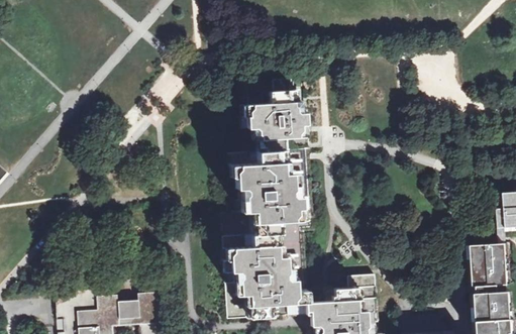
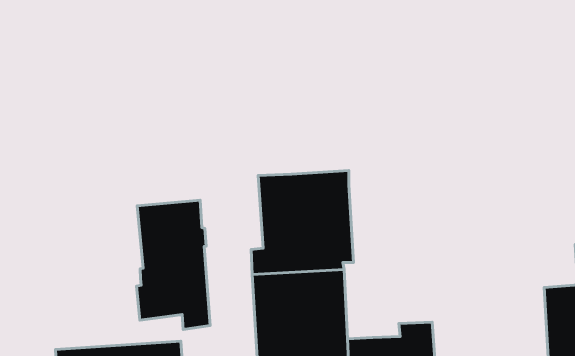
building: [240,82,307,153] -> none
building: none -> [137,200,210,329]

